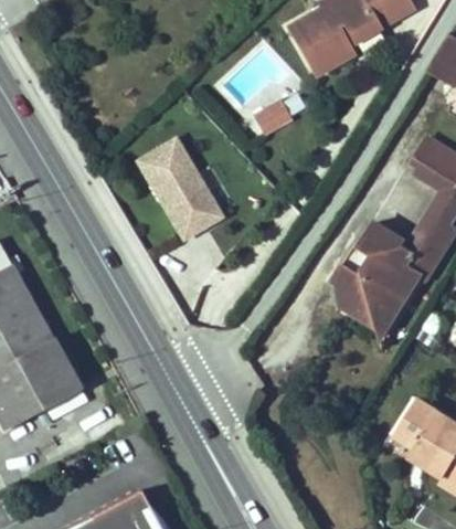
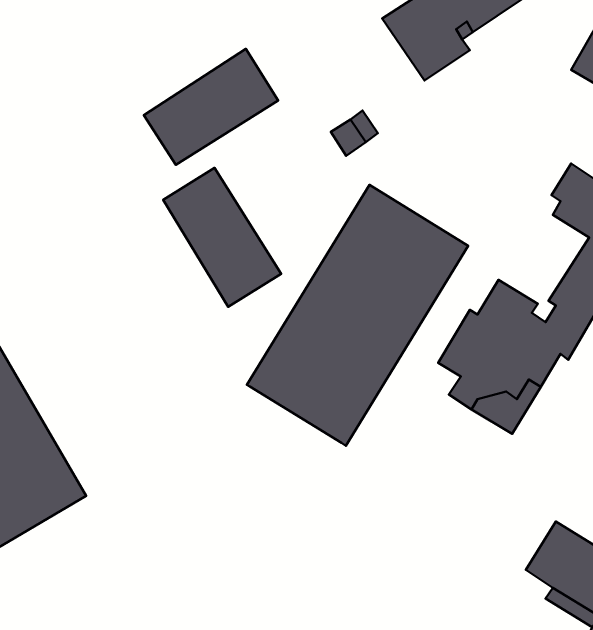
building: none -> [144,49,278,165]
building: none -> [247,185,468,446]

